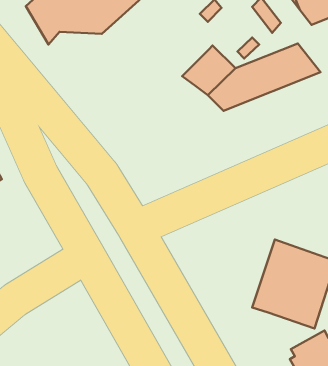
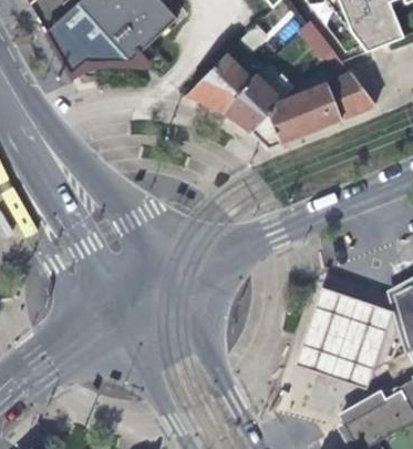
building: none -> [185,53,250,109]

